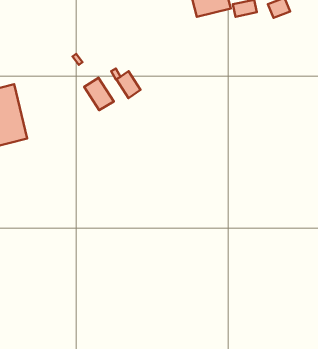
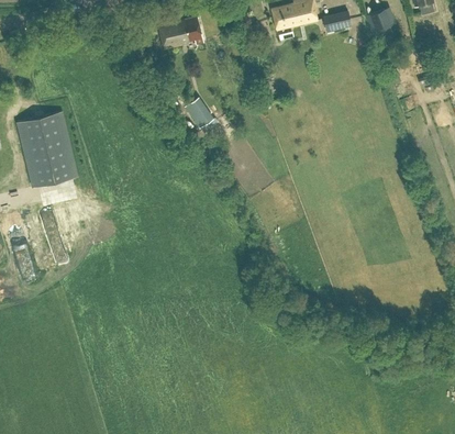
building: none -> [156,18,203,51]
building: [84,78,114,110] -> none

